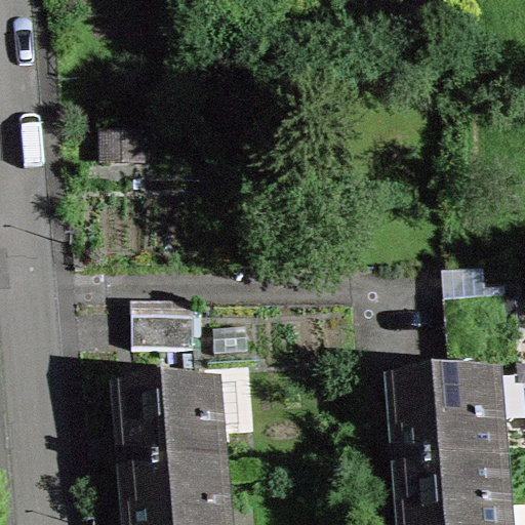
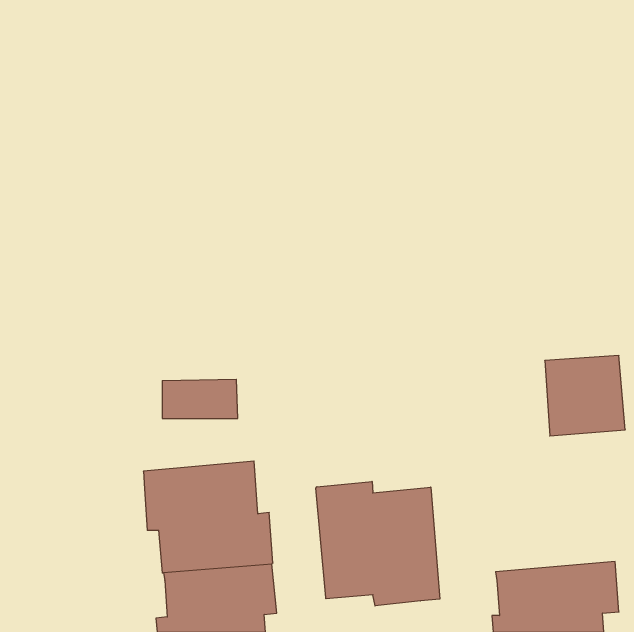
building: [398,369,509,467] -> none
building: none -> [316,481,440,606]

